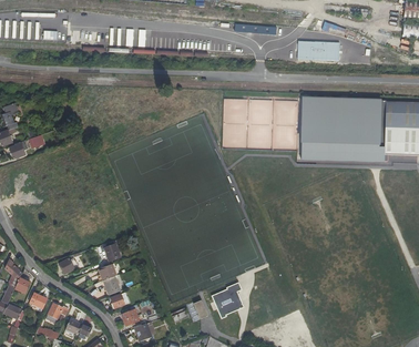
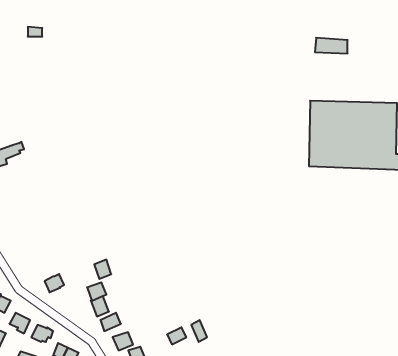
building: [212,283,245,316] -> none

